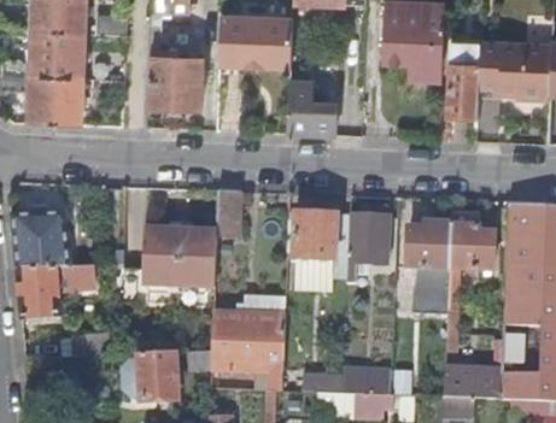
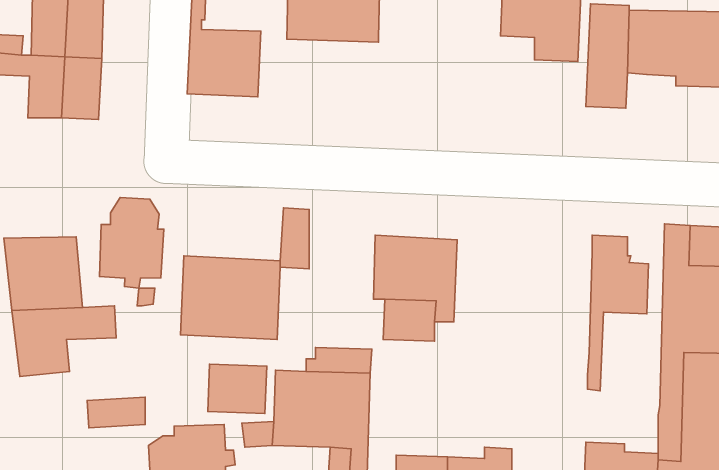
building: [287,83,334,135] -> none
building: none -> [100,198,164,288]
building: [346,215,388,284] -> none
building: [406,224,451,316] -> none
building: none -> [208,364,267,414]

